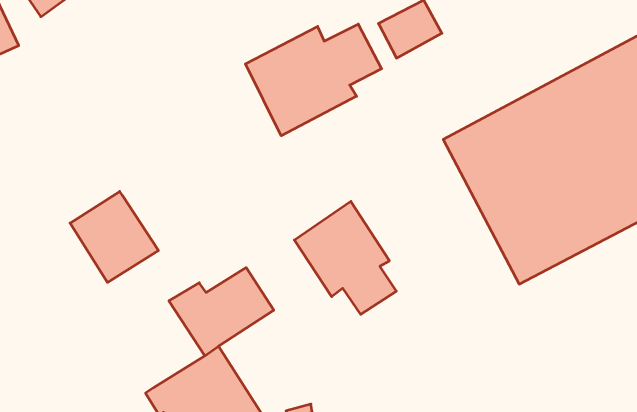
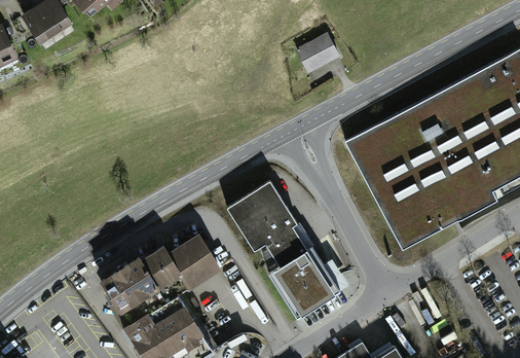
building: [245,24,382,136] -> none
building: [70,191,158,282] -> [99,255,164,323]
building: none -> [271,248,338,316]

